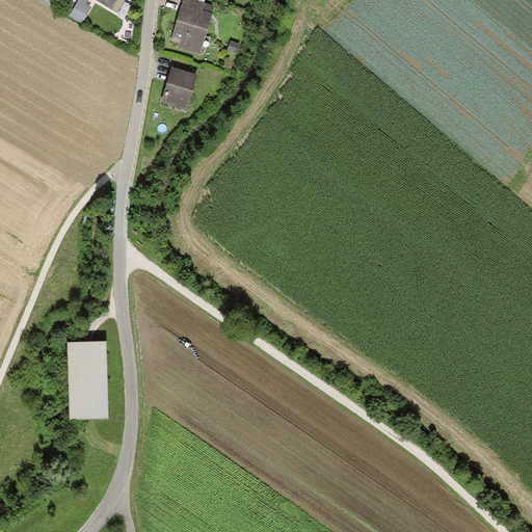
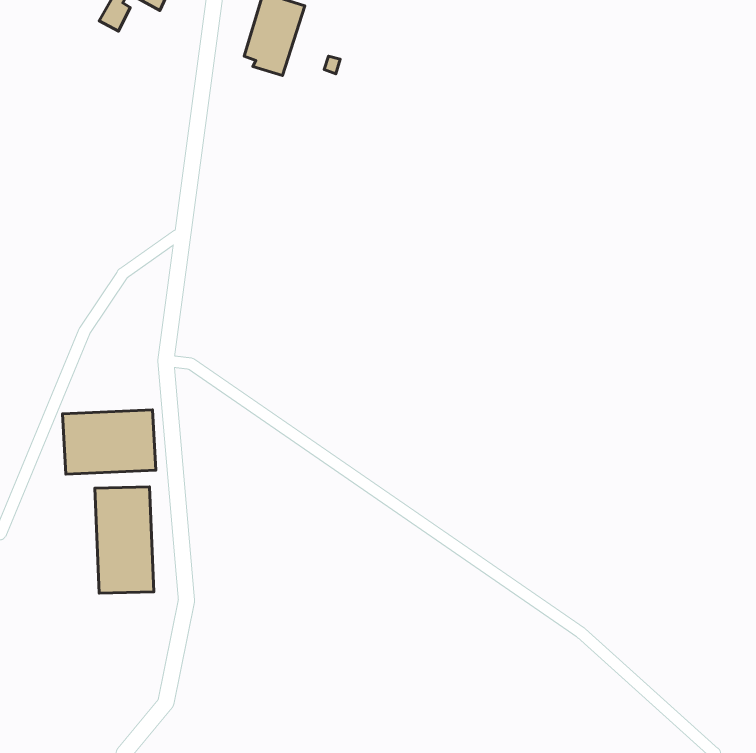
building: [161,66,197,108] -> none
building: none -> [63,410,156,474]

